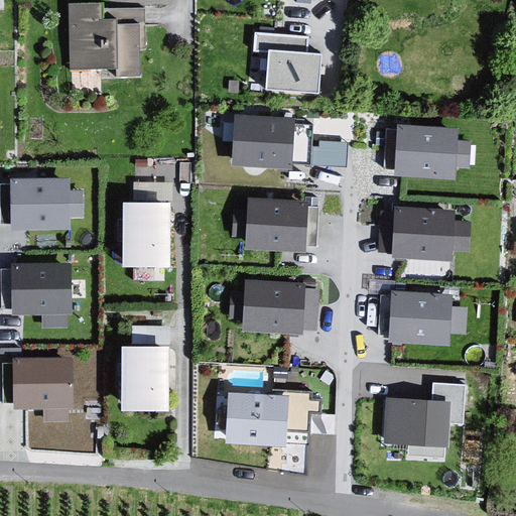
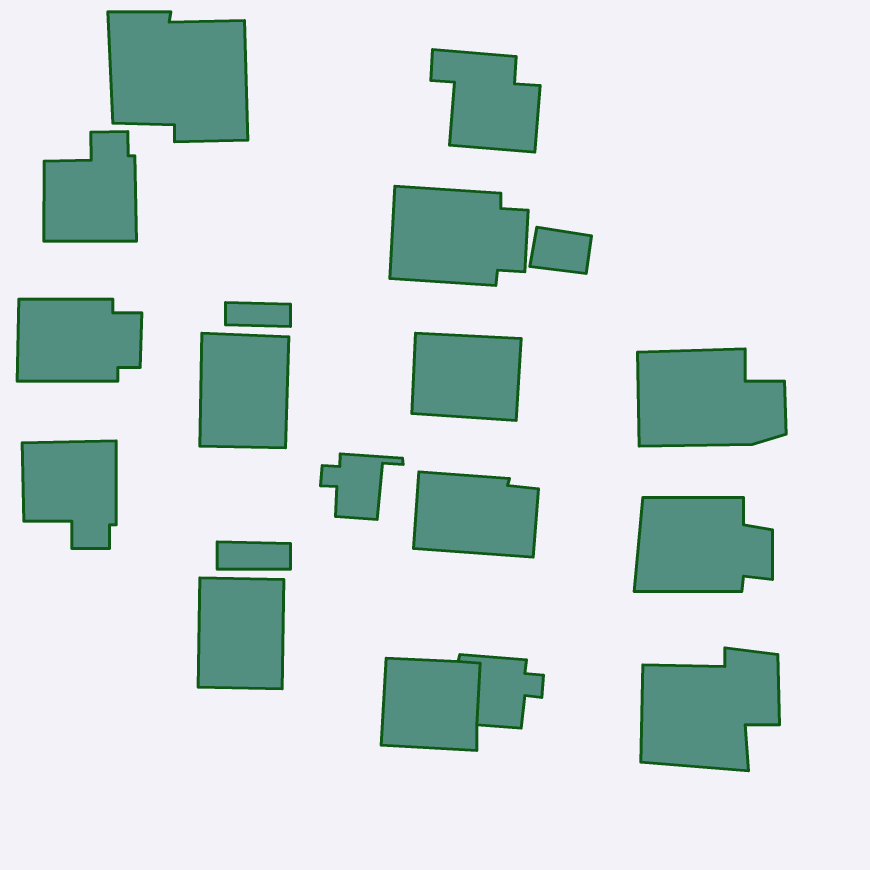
building: none -> [44,131,136,241]
building: [388,128,464,179] -> none
building: none -> [321,454,403,519]
building: [17,358,71,419] -> none

